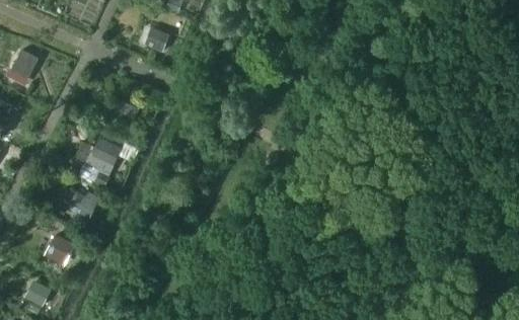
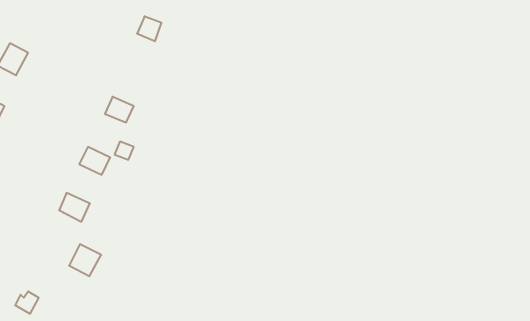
building: [45,237,75,267] -> [69,244,101,276]

